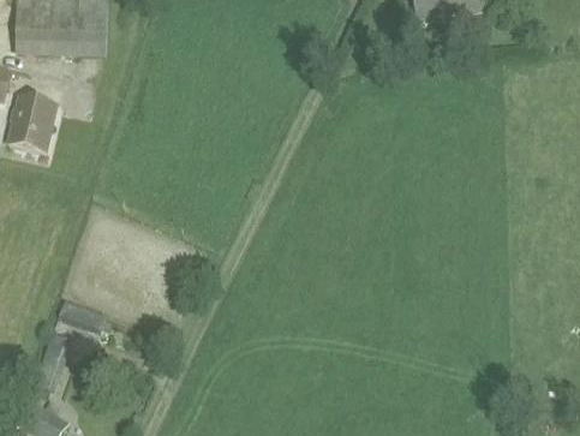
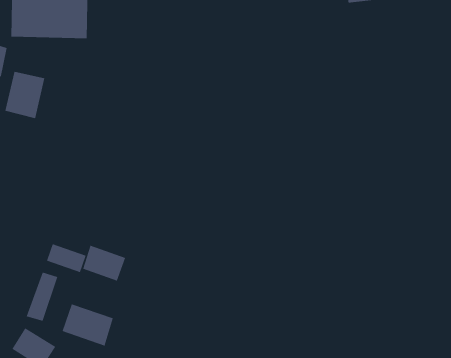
building: none -> [82,245,126,281]
building: none -> [62,304,114,346]

